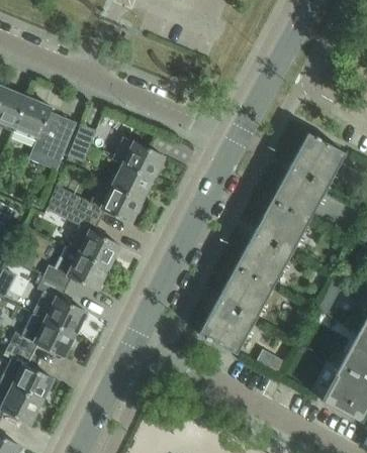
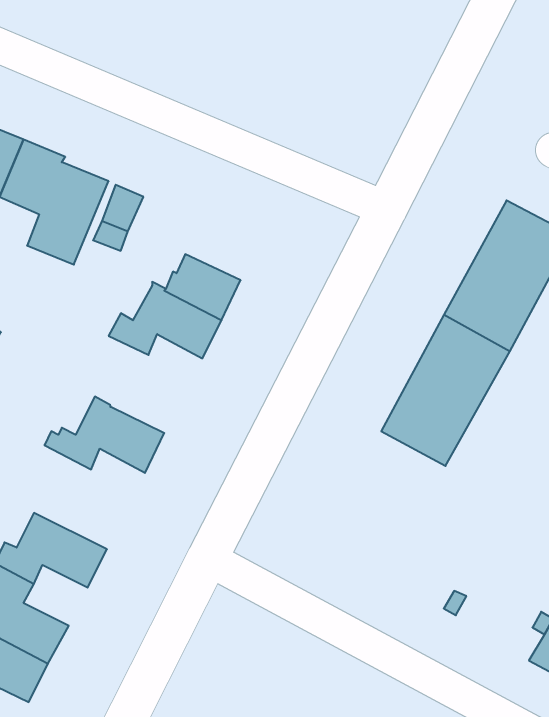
building: [111,136,164,179] -> none
building: [47,198,119,267] -> none
building: [198,266,272,354] -> none
building: [32,274,86,335] -> none

